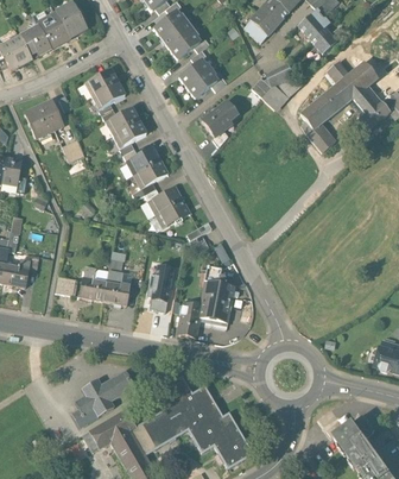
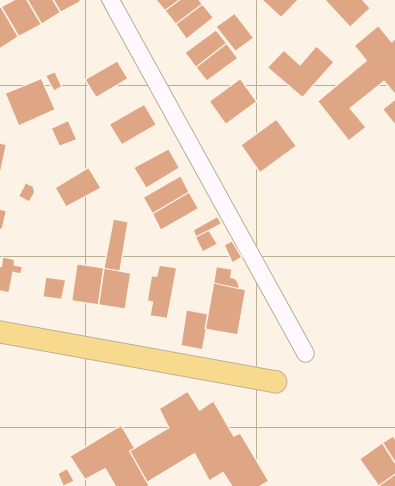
building: none -> [216,13,254,52]
building: [82,67,120,100] -> none
building: [103,103,144,139] -> none
building: none -> [241,119,297,173]
building: [125,143,165,177] -> [55,168,101,207]
building: [71,368,134,426] -> none

